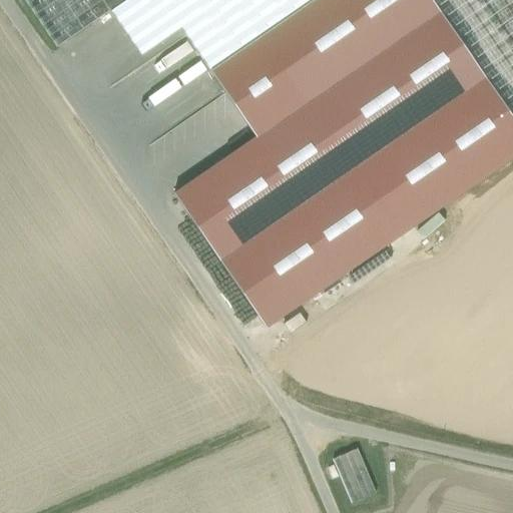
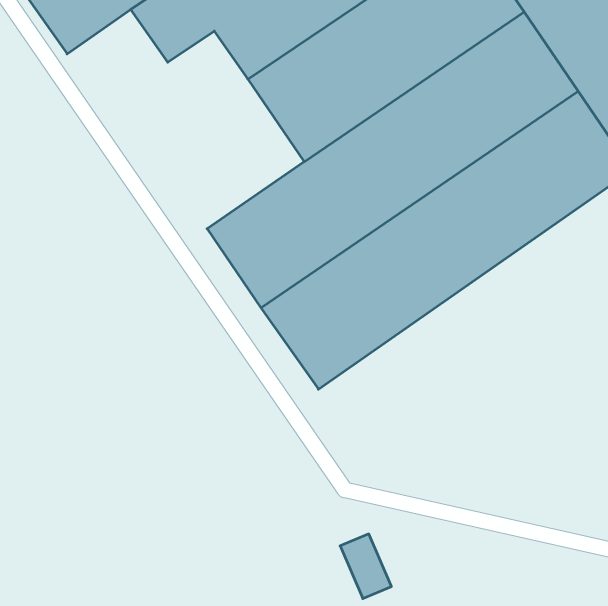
building: [335,446,378,500] -> [340,534,391,599]

